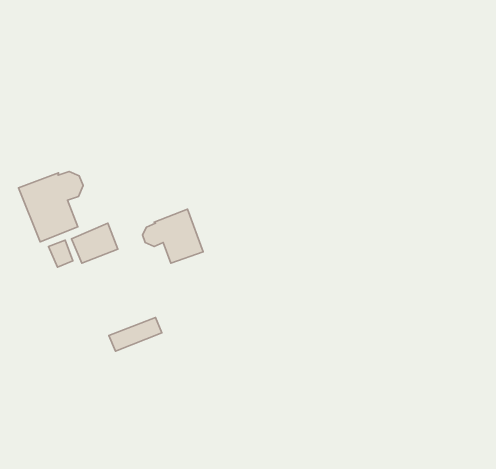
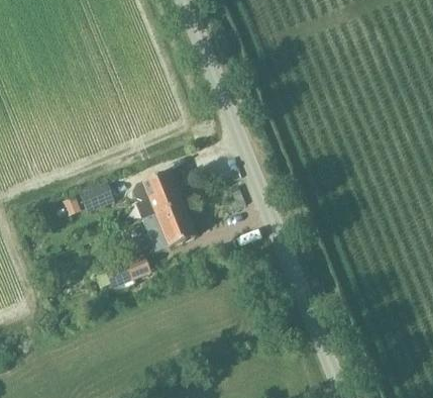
building: [19,171,83,242] -> none
building: none -> [141,203,194,251]

